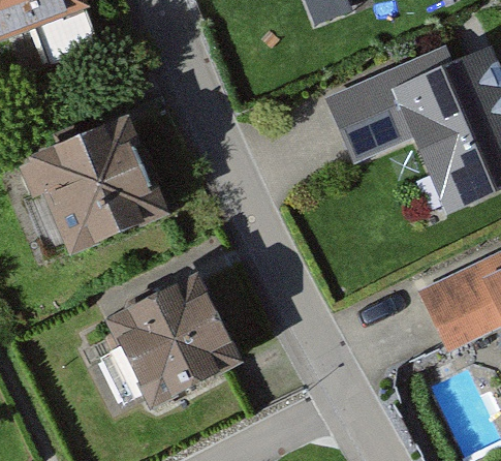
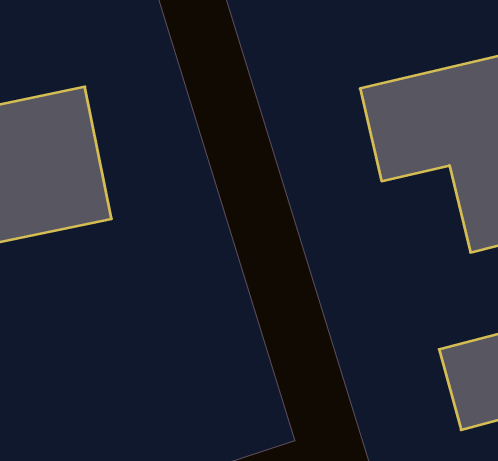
building: [105,274,241,405] -> none

